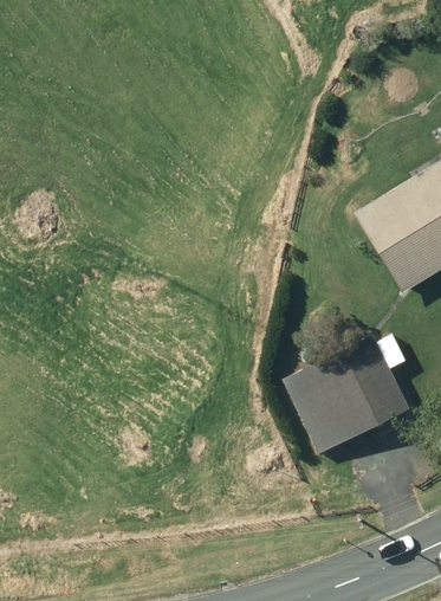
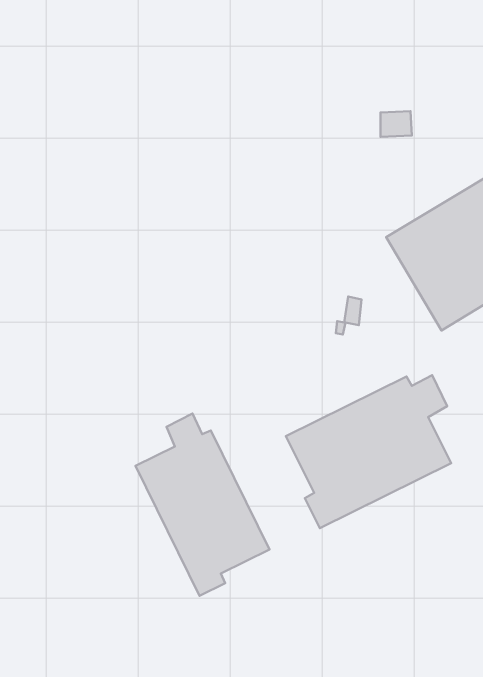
building: none -> [135,413,270,596]

